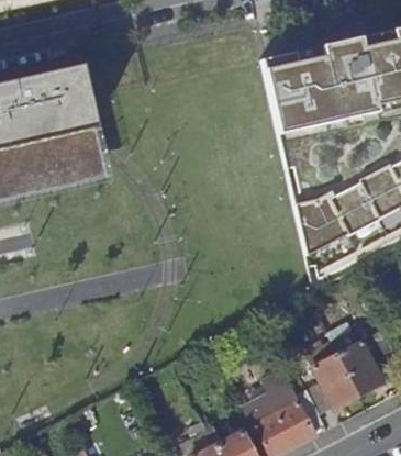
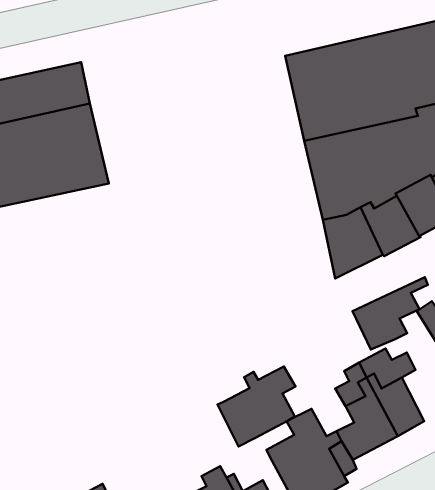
building: none -> [353,277,428,349]
building: none -> [217,366,296,446]

